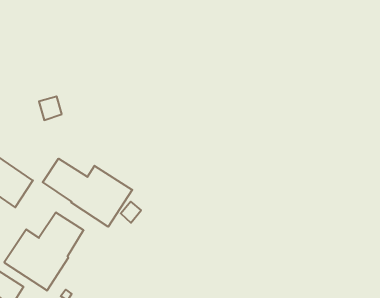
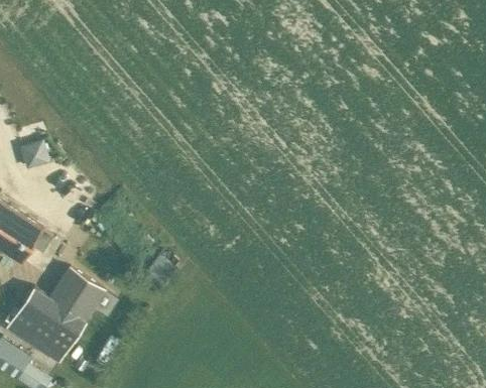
building: [39,96,62,120] -> [21,142,48,170]
building: [43,159,132,227] -> none

